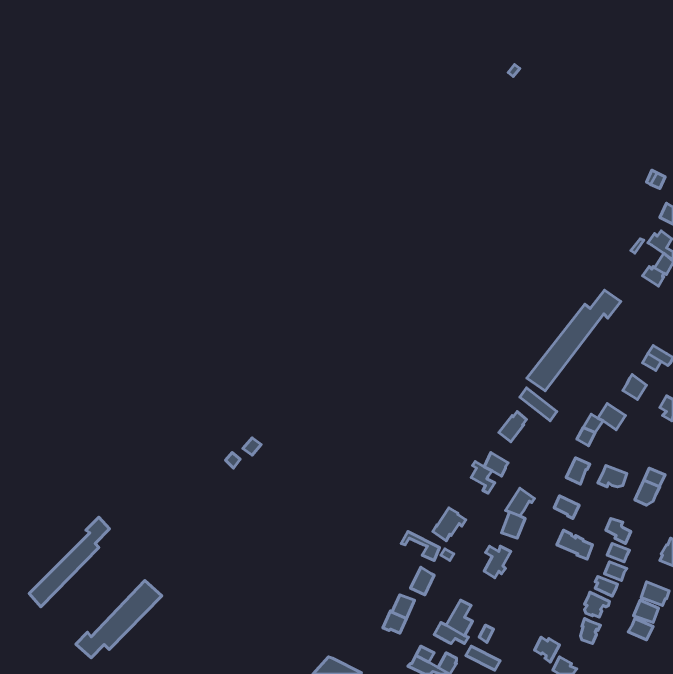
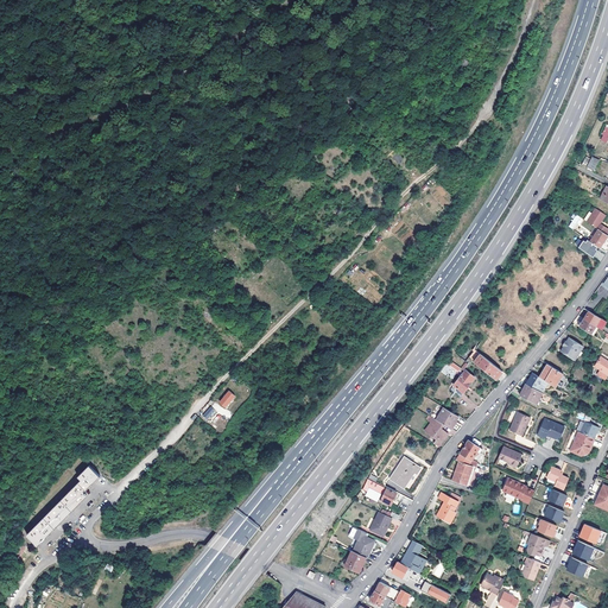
building: [527,290,621,391] -> none
building: [76,581,162,658] -> none

